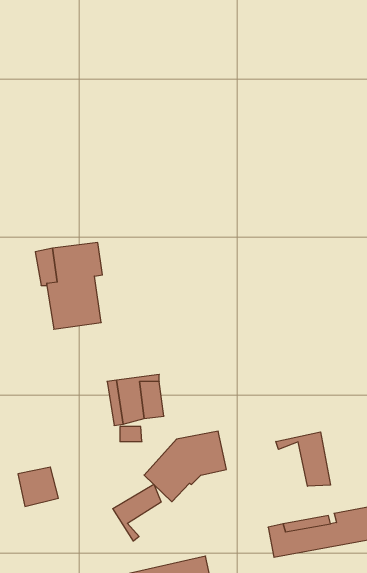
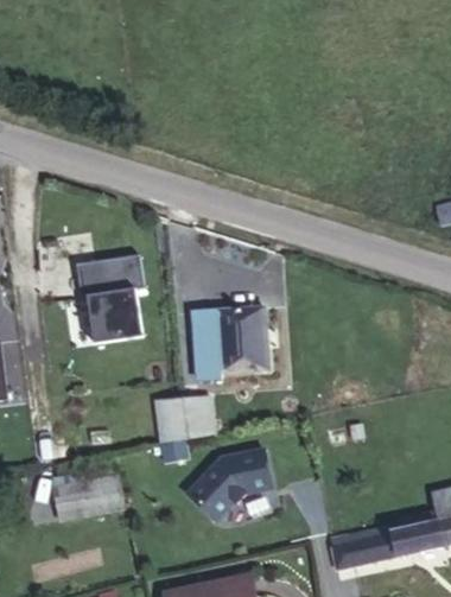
building: none -> [195,306,269,379]
building: [276,432,330,486] -> none
building: [113,484,161,541] -> none

